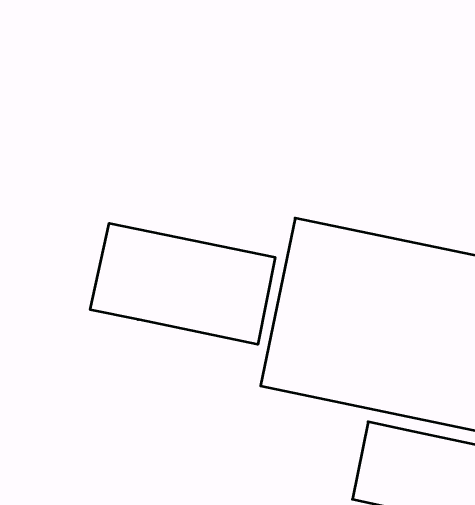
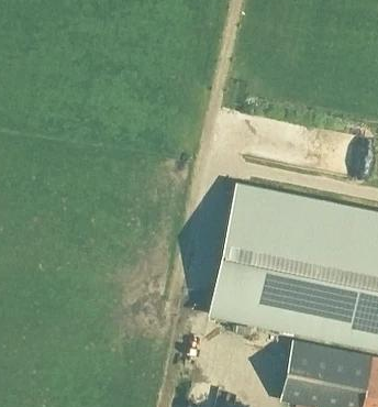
building: [90,223,275,344] -> none

